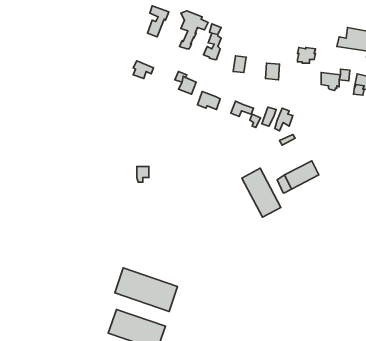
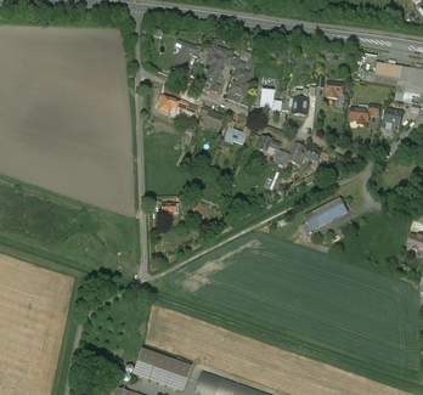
building: [242,168,281,217] -> none
building: [115,268,178,311] -> none

